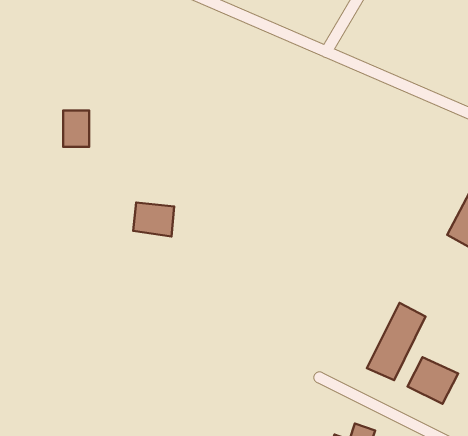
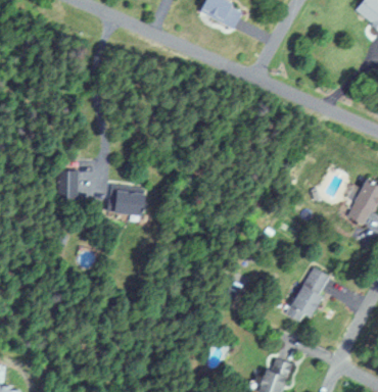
building: [63,110,89,147] -> [60,169,80,197]
building: [408,357,458,404] -> none

